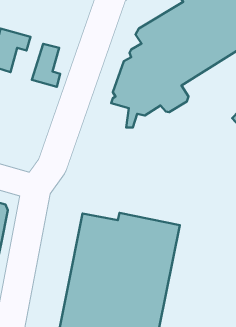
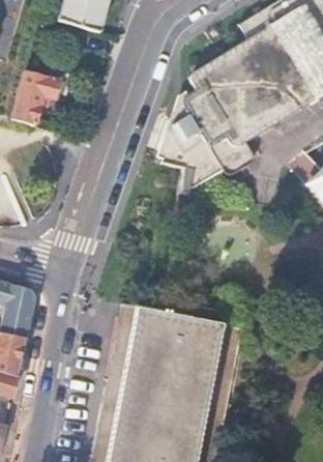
building: [32,44,60,87] -> none

